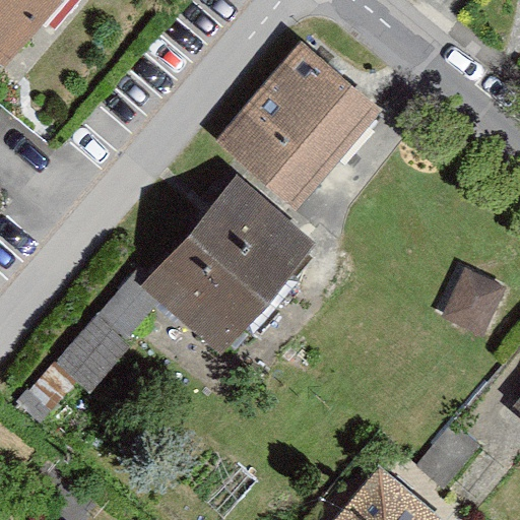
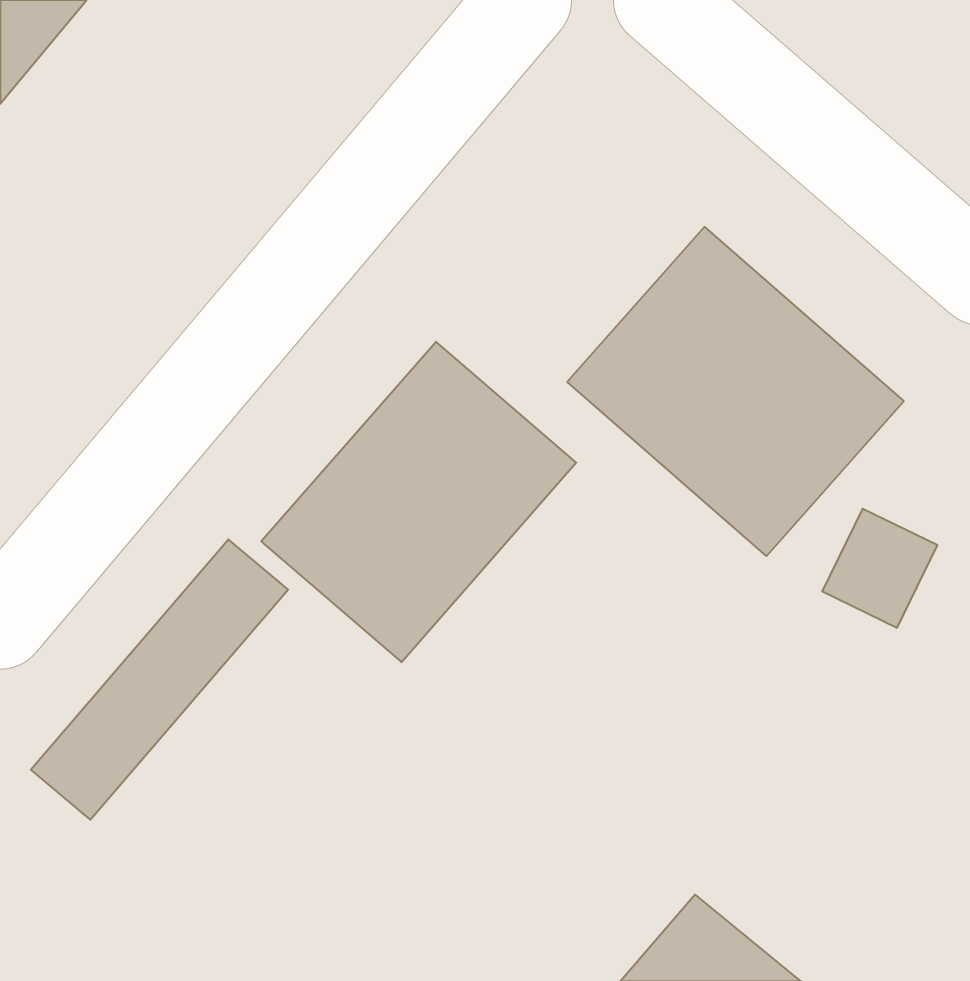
building: [217,44,380,208] -> none
building: none -> [567,227,904,556]

